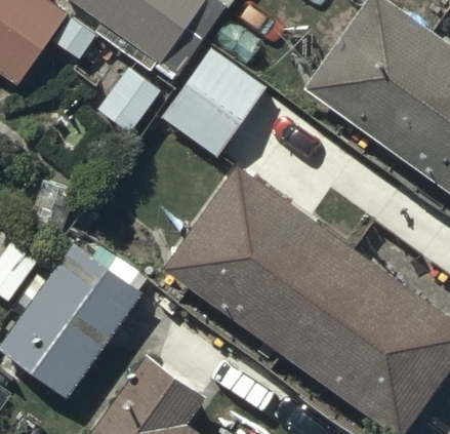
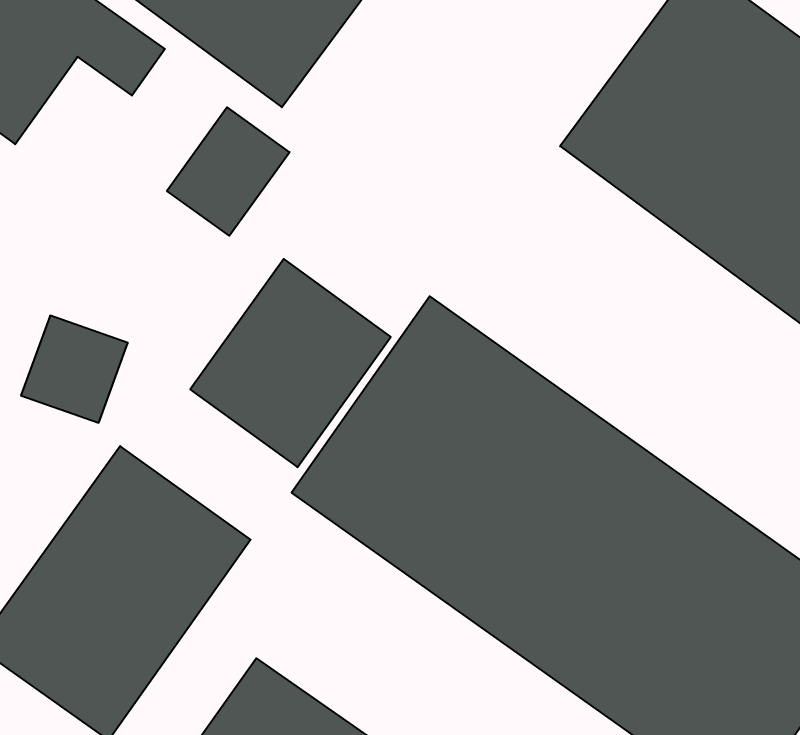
building: [162,47,268,157] -> [190,259,391,467]

